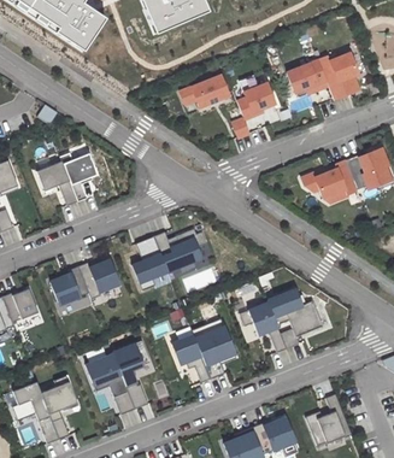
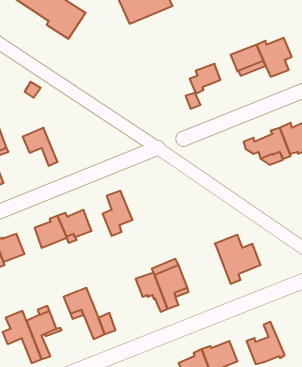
building: [180,75,228,107] -> none
building: [59,152,96,201] -> none
building: [153,231,195,271] -> none
building: [239,301,286,352] -> none
building: [111,344,149,386] -> none

